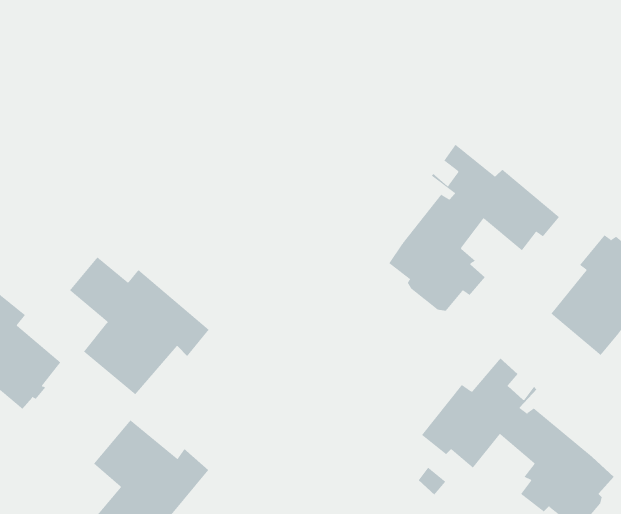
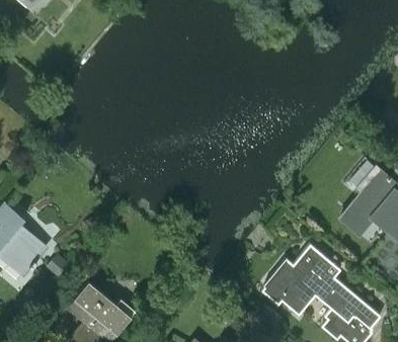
building: [389,144,560,311] -> none
building: [69,257,209,395] -> none

